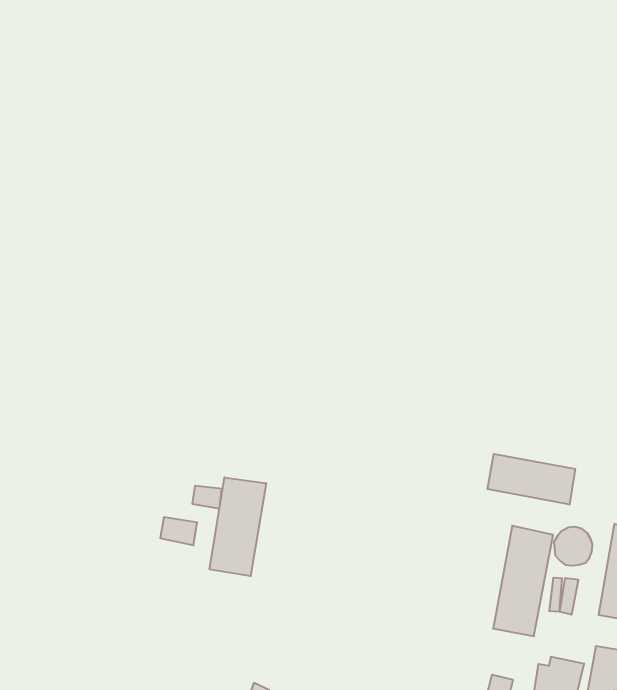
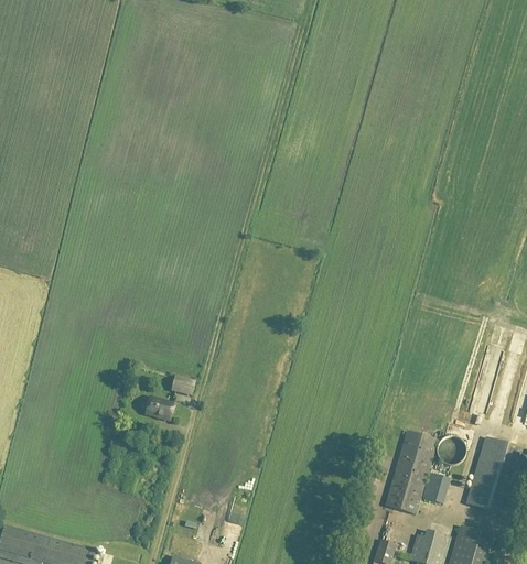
building: [487,454,575,505] -> none
building: [210,477,266,576] -> none

